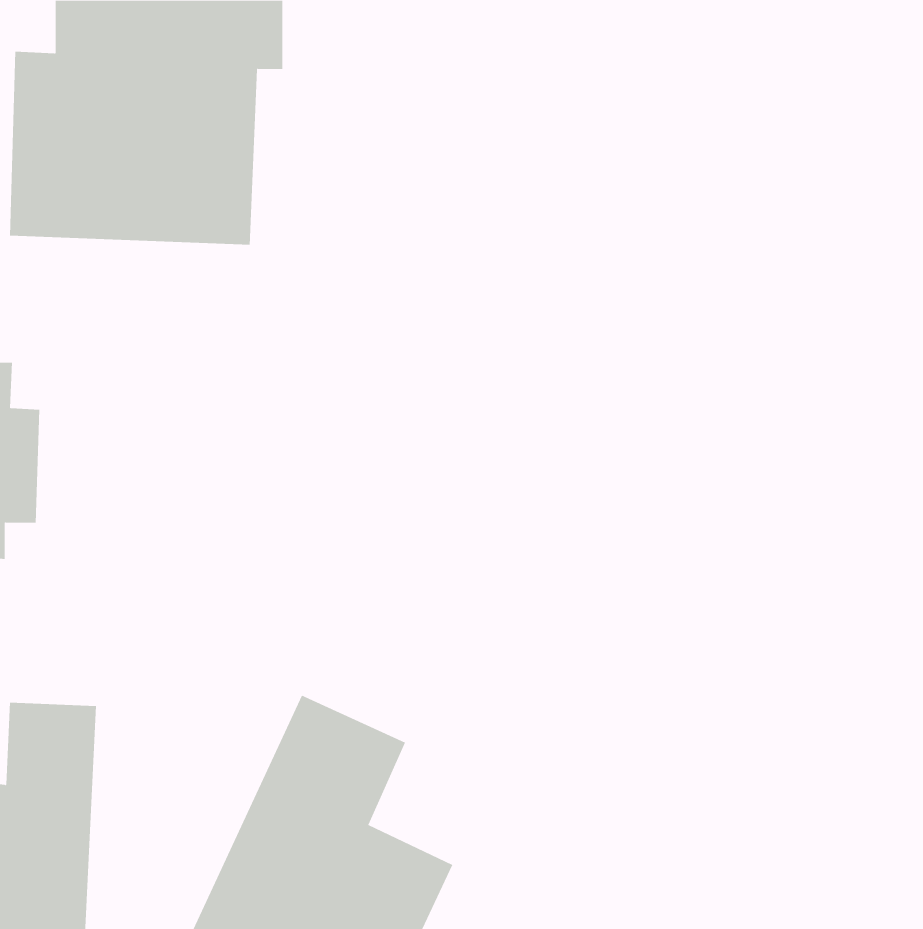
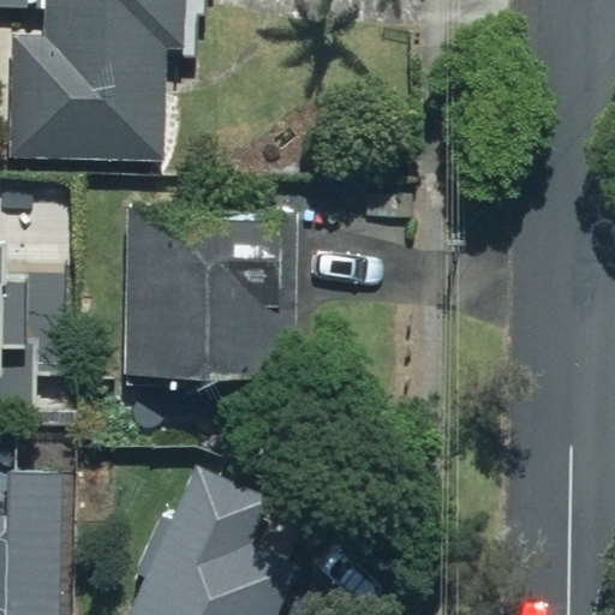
building: none -> [124,209,286,378]

